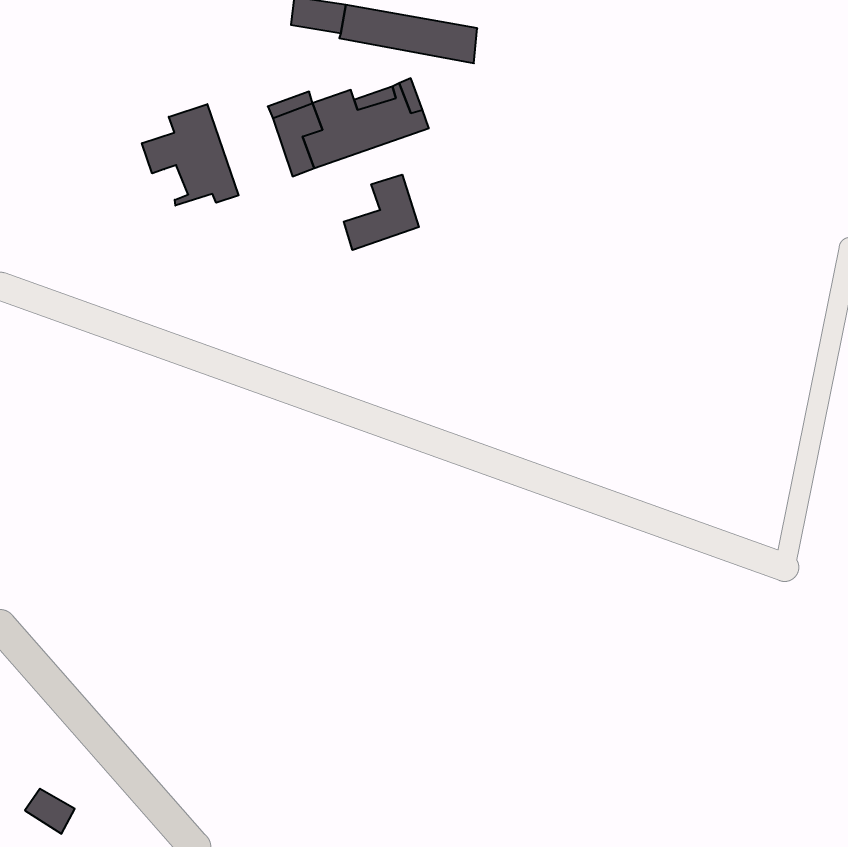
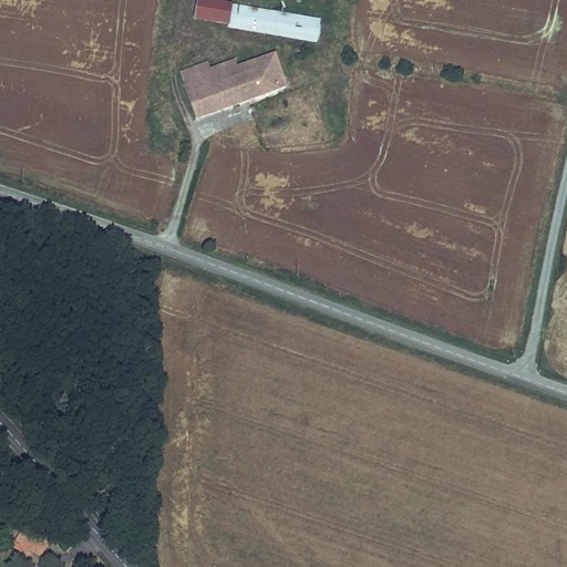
building: [142,104,239,206] -> none
building: [344,175,419,250] -> none

